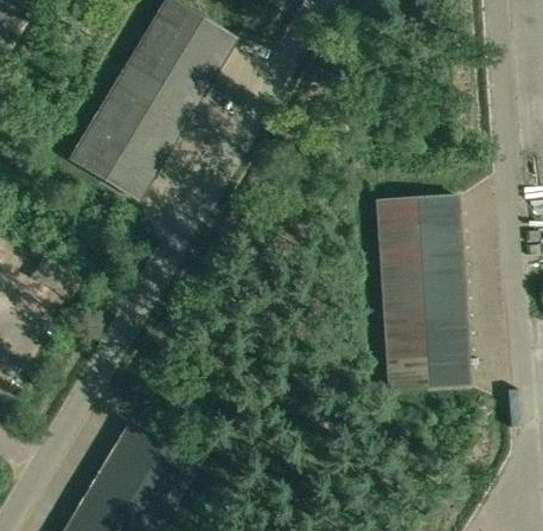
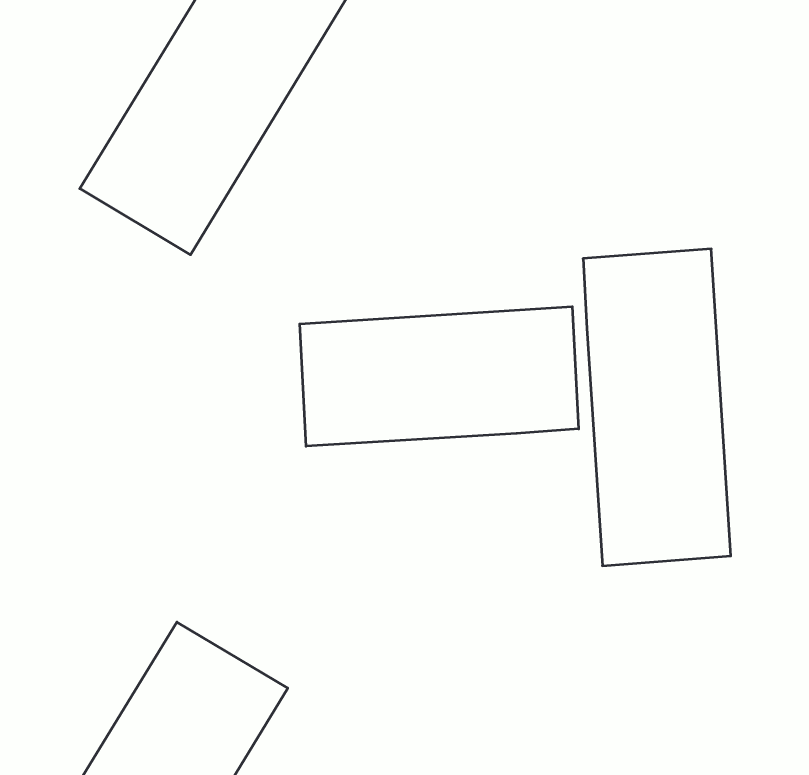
building: none -> [300,307,579,446]

